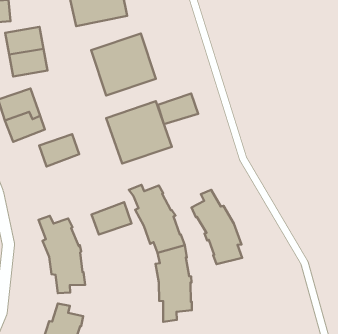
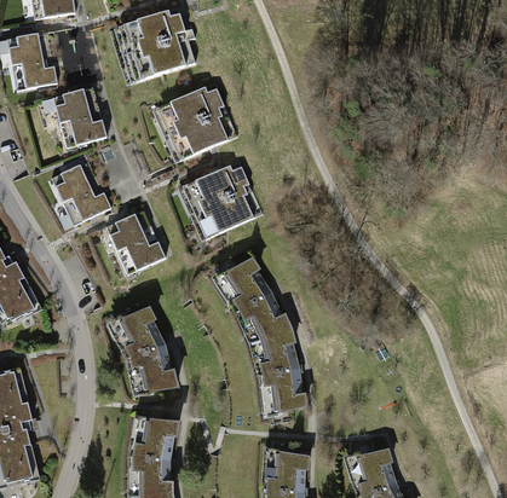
building: [158,93,198,124] -> none
building: [191,190,242,264] -> none
building: [91,202,131,235] -> [116,232,165,273]

